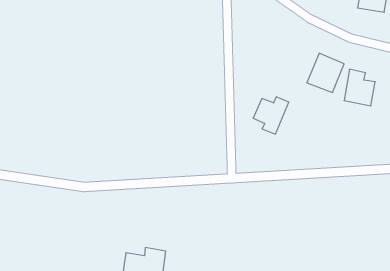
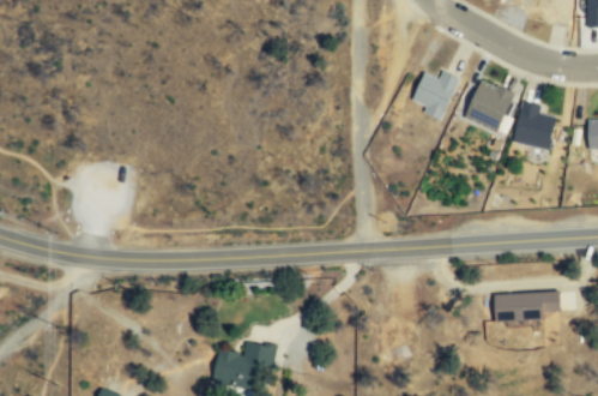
building: [253,97,289,134] -> [411,71,459,121]
building: none -> [497,290,563,319]

